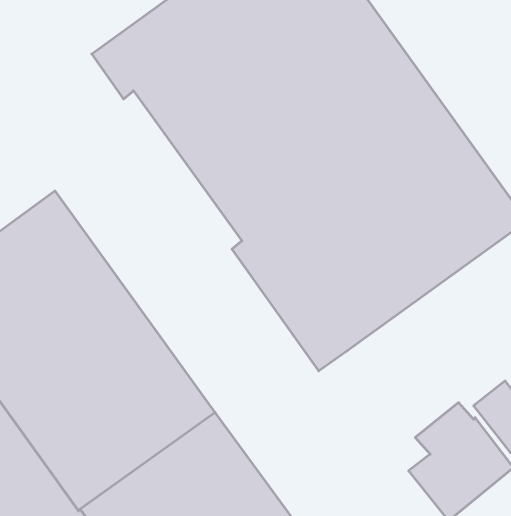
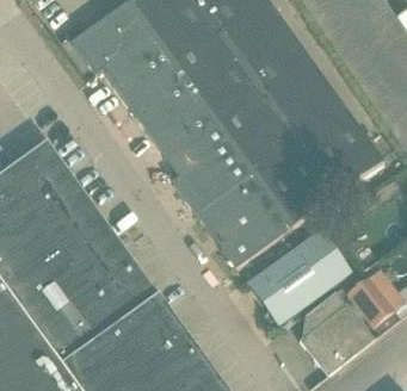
building: none -> [257,229,350,317]

